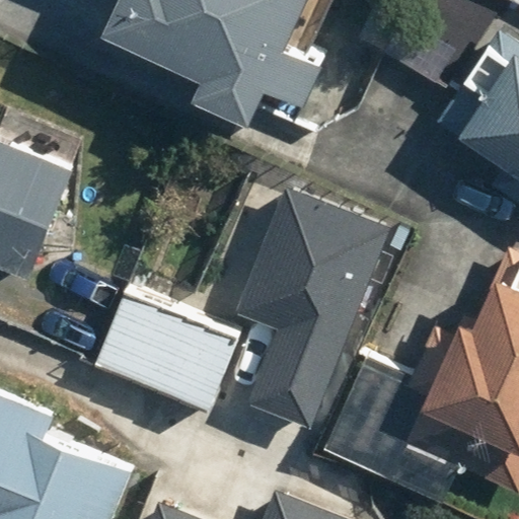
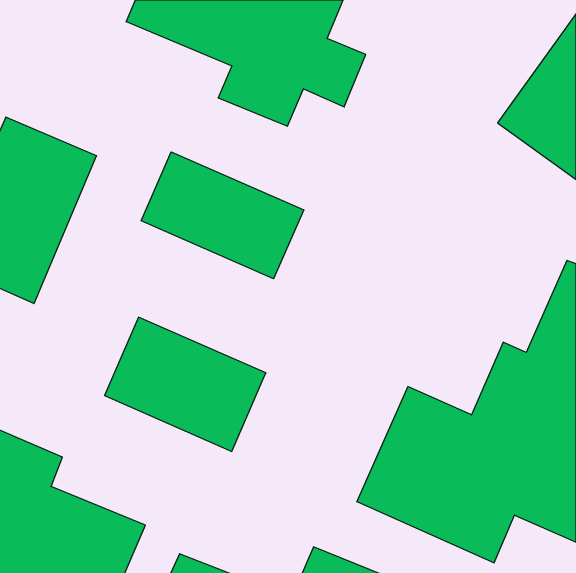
building: none -> [141,152,304,279]
building: [240,187,399,424] -> none

